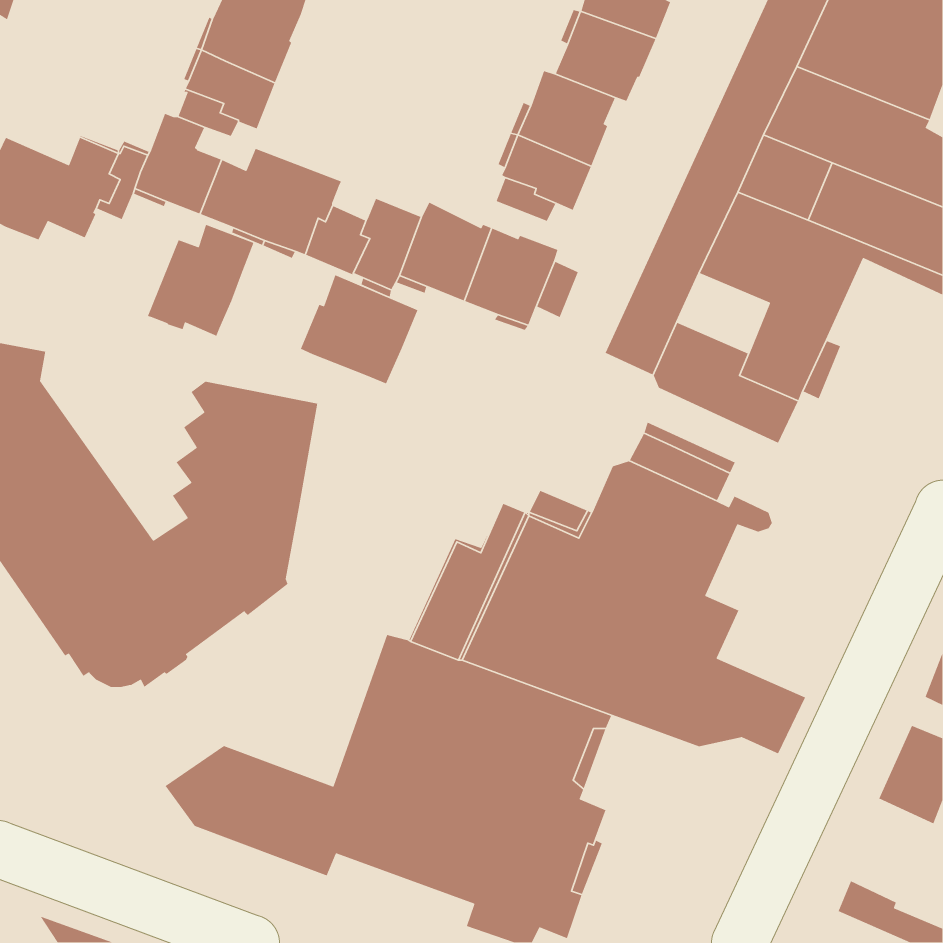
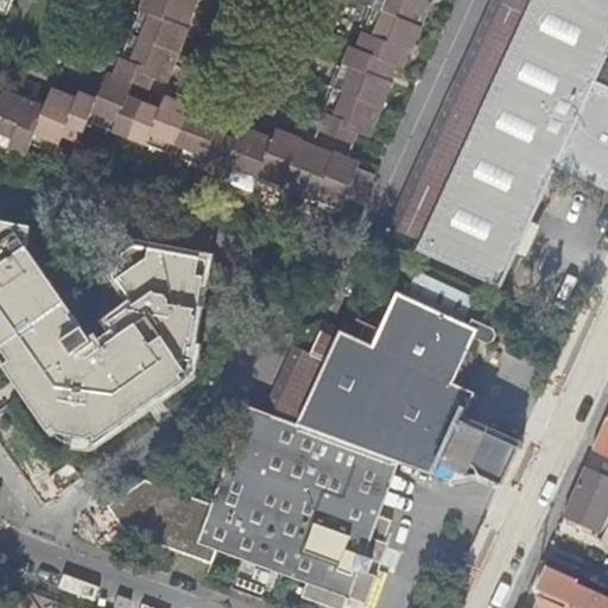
building: [147,224,255,337] -> none
building: none -> [435,176,494,227]
building: [300,274,419,384] -> none

